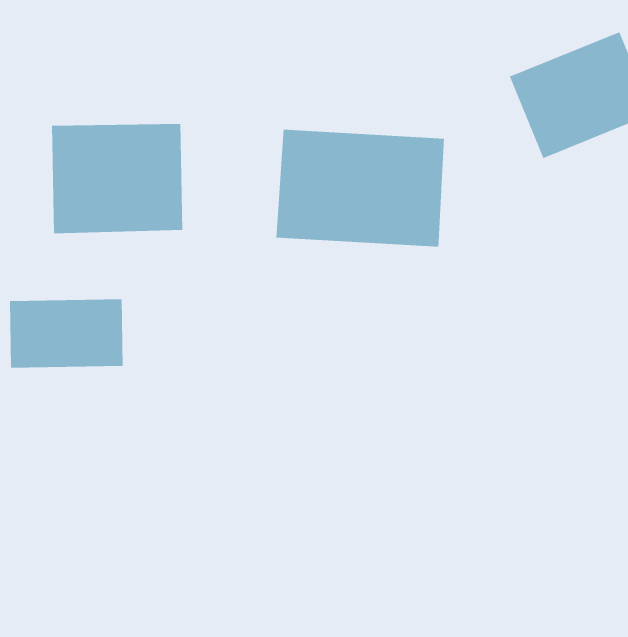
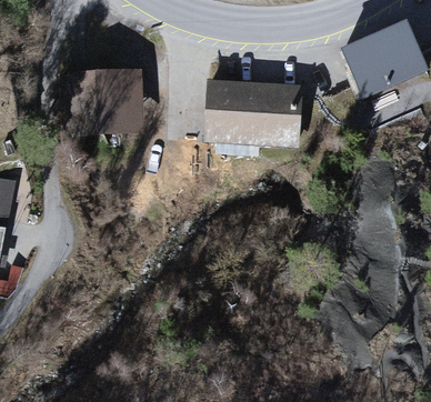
building: [9,298,123,369] -> none

